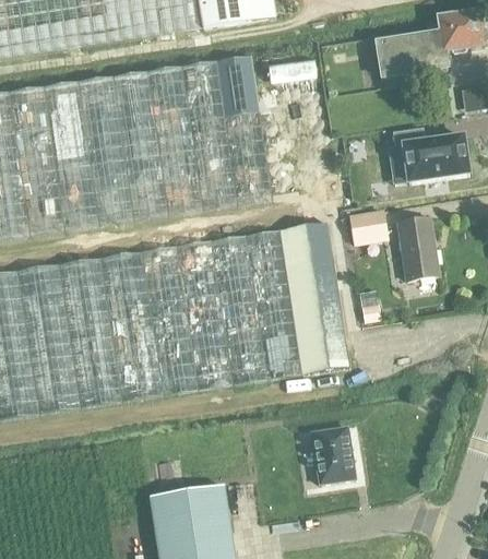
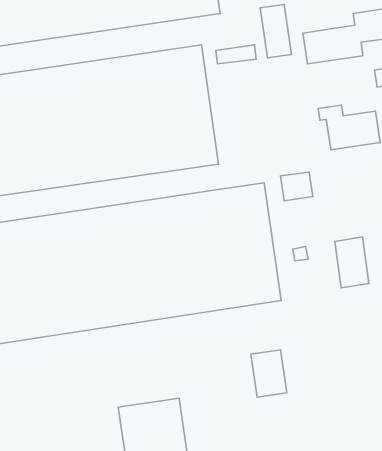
building: none -> [260,4,292,58]
building: [396,218,438,281] -> [335,237,369,288]

